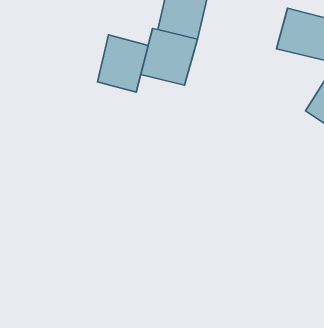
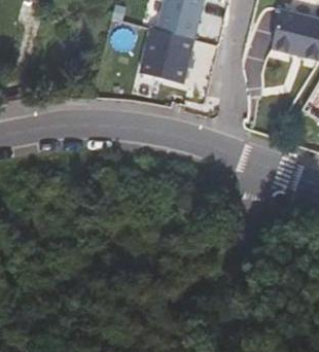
building: [97,35,148,92] -> none

